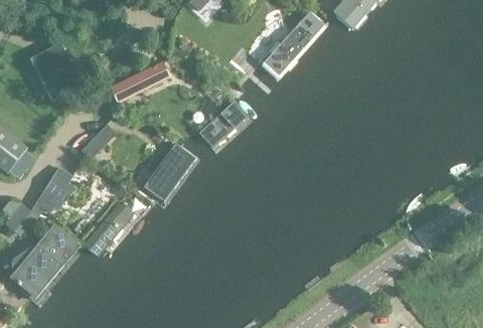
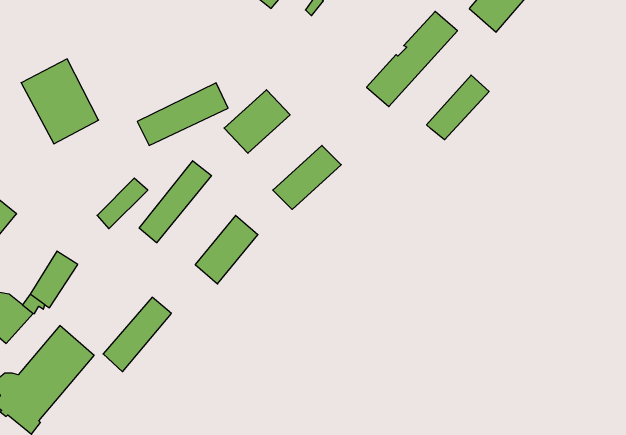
building: none -> [427,75,489,140]
building: none -> [224,90,290,153]
building: none -> [139,161,211,243]

